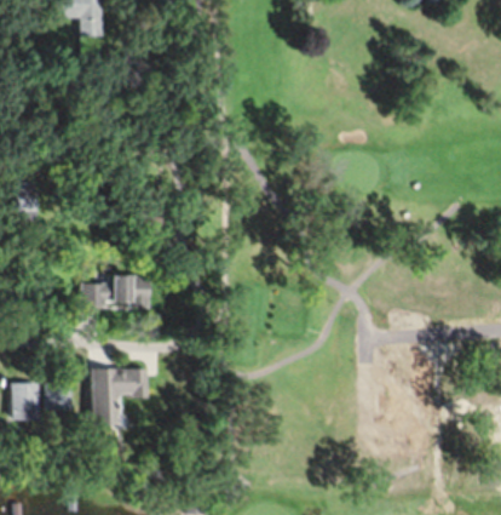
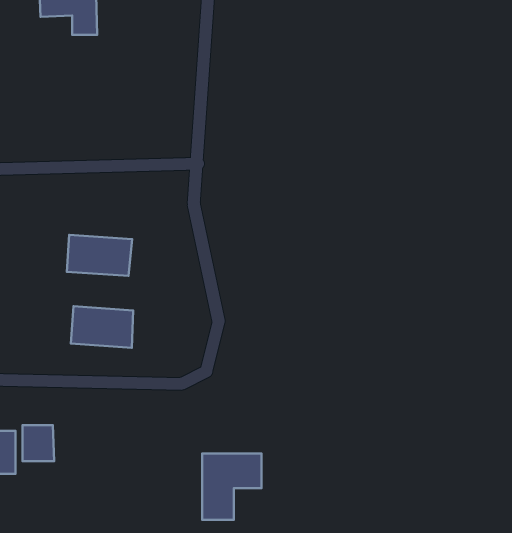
building: none -> [67,235,132,276]
building: [93,368,145,427] -> [202,453,262,520]

